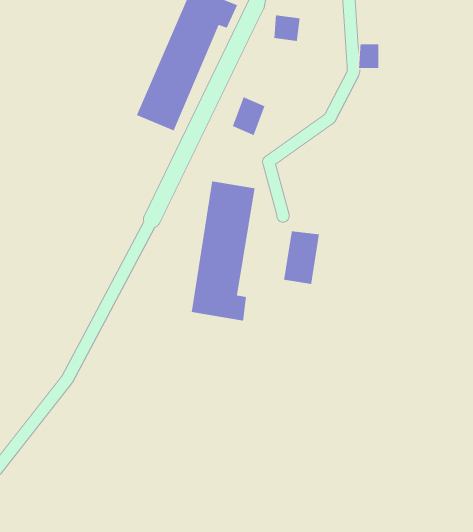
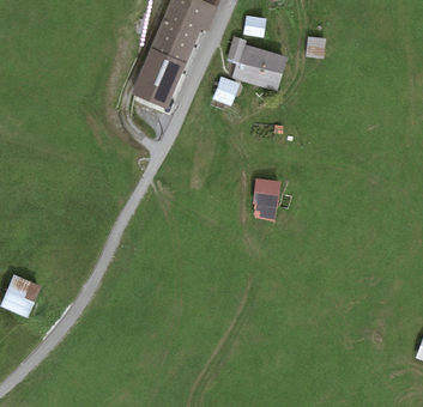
building: none -> [229,37,288,84]
building: [191,181,255,322] -> none

